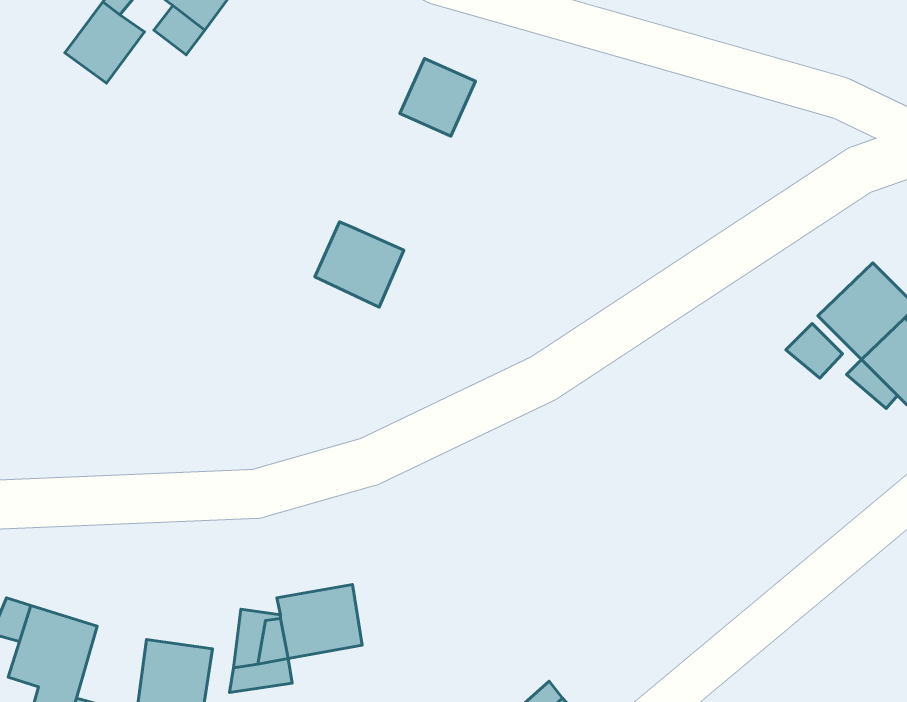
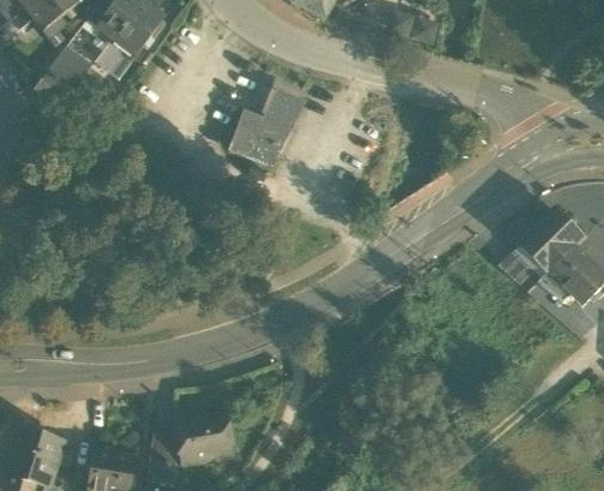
building: [315,222,404,307] -> [232,110,288,164]

